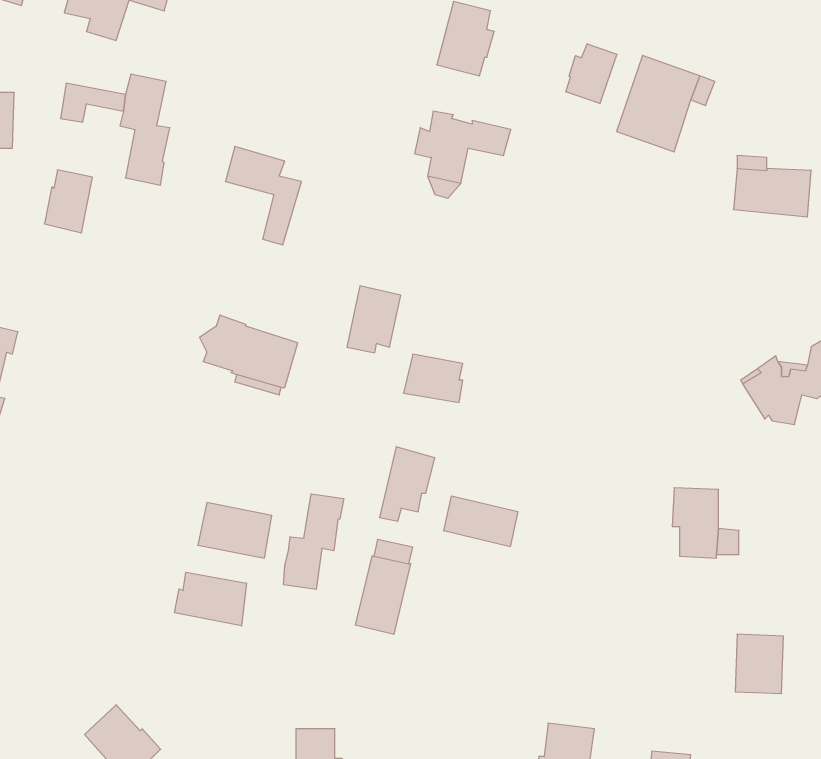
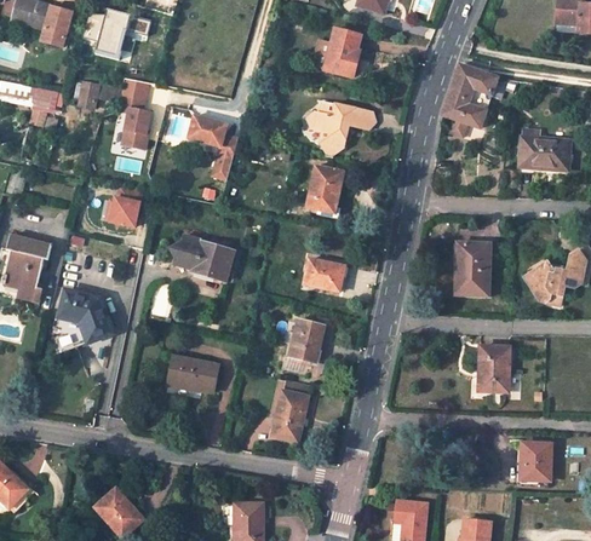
building: [566,44,617,104] -> none
building: [44,170,93,233] -> [110,185,142,226]
building: [347,286,401,353] -> [306,167,342,211]
building: none -> [455,242,489,294]
building: none -> [58,290,113,343]
building: [283,494,344,589] -> none
building: [444,496,518,547] -> none
building: [174,572,247,626] -> none

